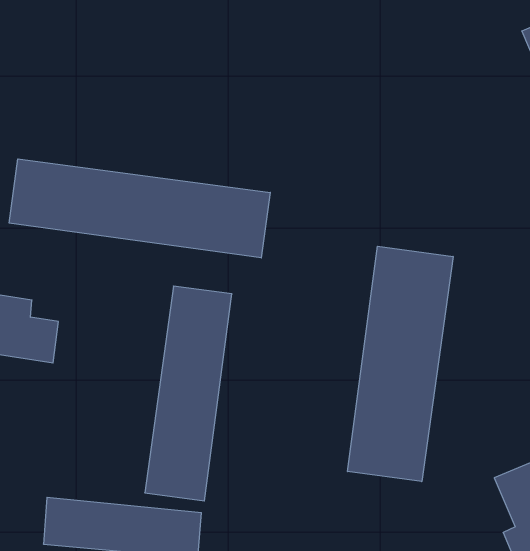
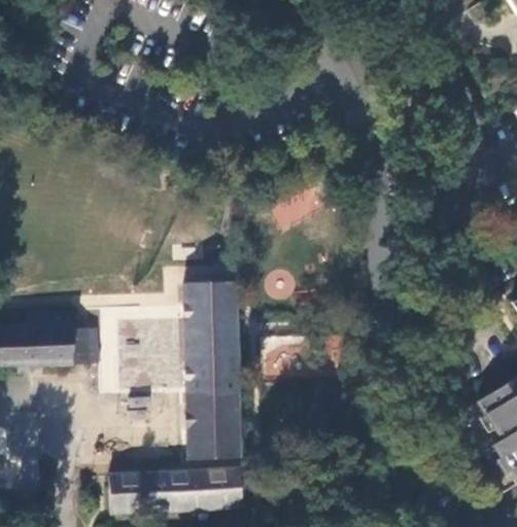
building: [9,159,270,258] -> none
building: [348,246,453,482] -> none

